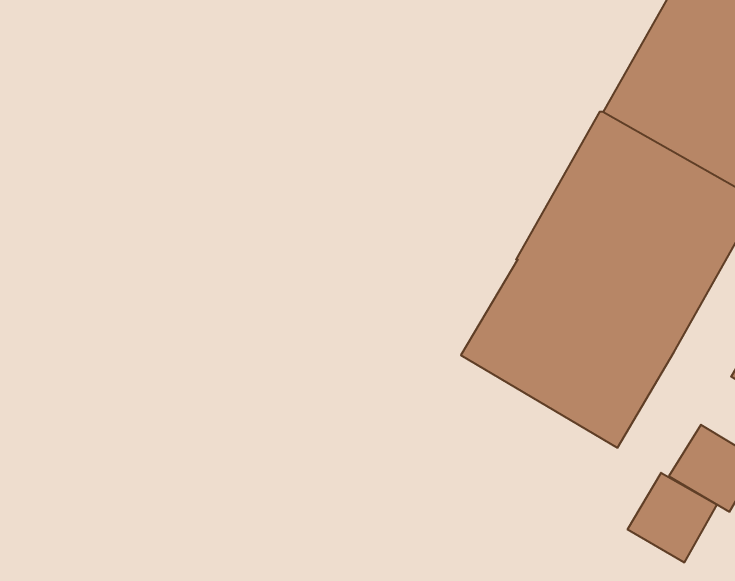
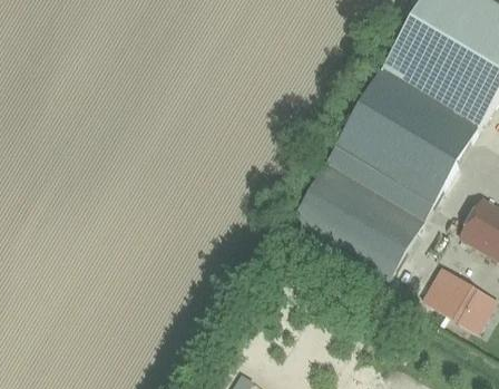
building: [628,473,717,563] -> none

